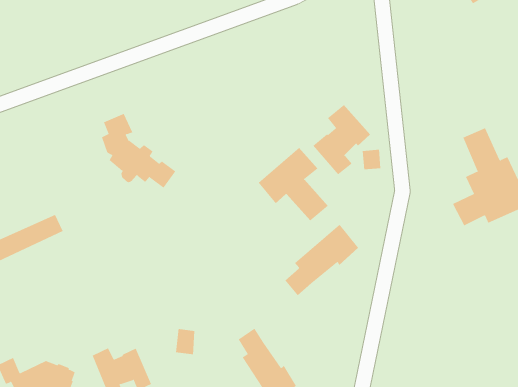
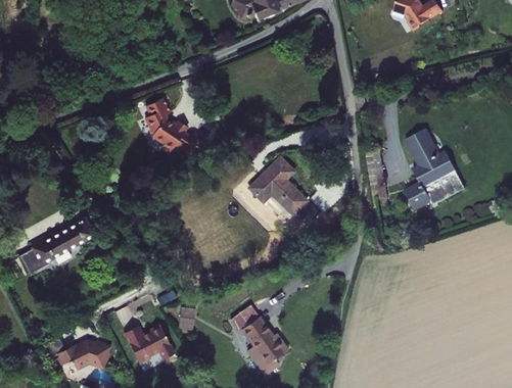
building: [313,104,371,175] -> none
building: [101,113,176,189] -> [142,97,204,156]
building: [284,224,359,296] -> none

